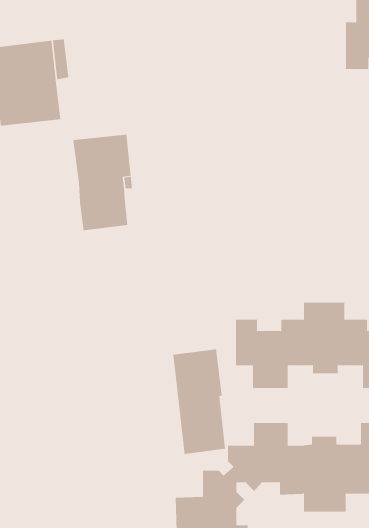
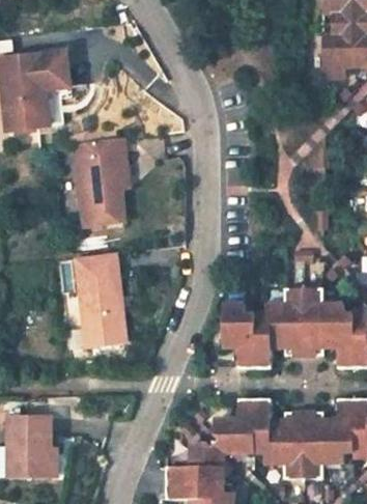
building: [172,349,226,455] -> [73,250,121,346]
building: none -> [10,416,54,476]

